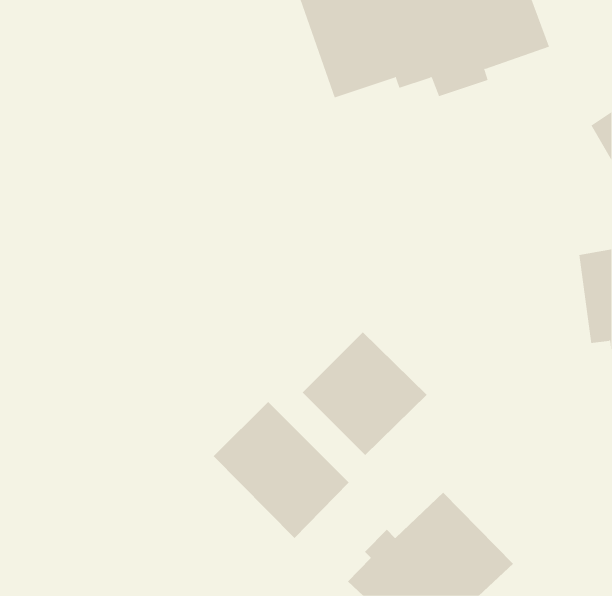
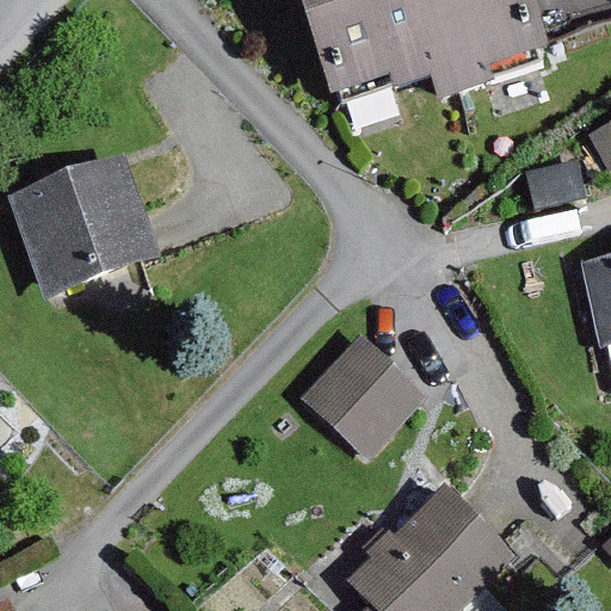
building: none -> [11,159,162,302]
building: [213,401,349,539] -> none

